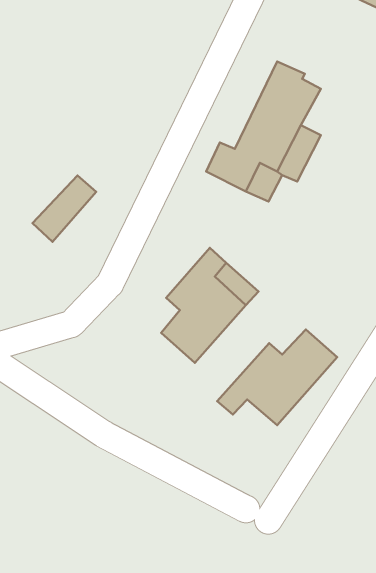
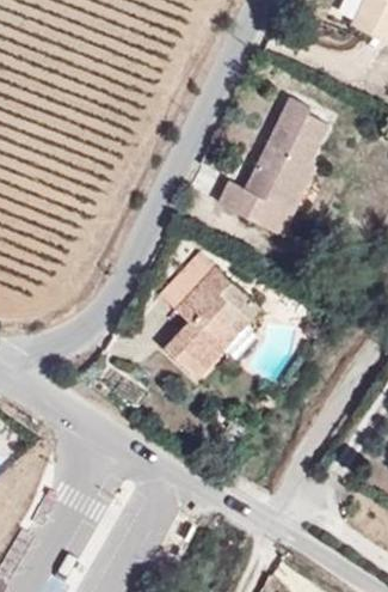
building: [33,176,96,242] -> [155,256,216,319]
building: [217,329,337,425] -> none

